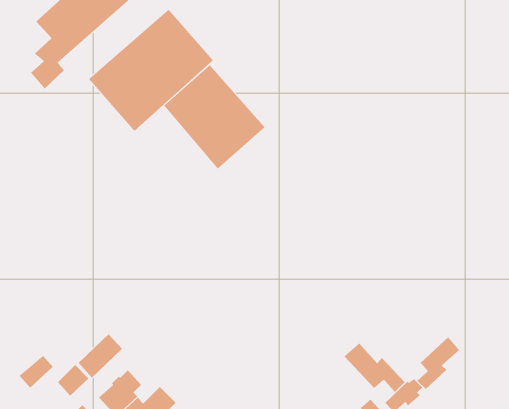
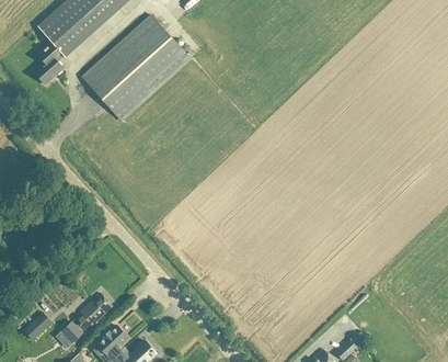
building: [164,65,266,169] -> none
building: [416,337,460,390] -> none
building: [343,342,406,393] -> none

